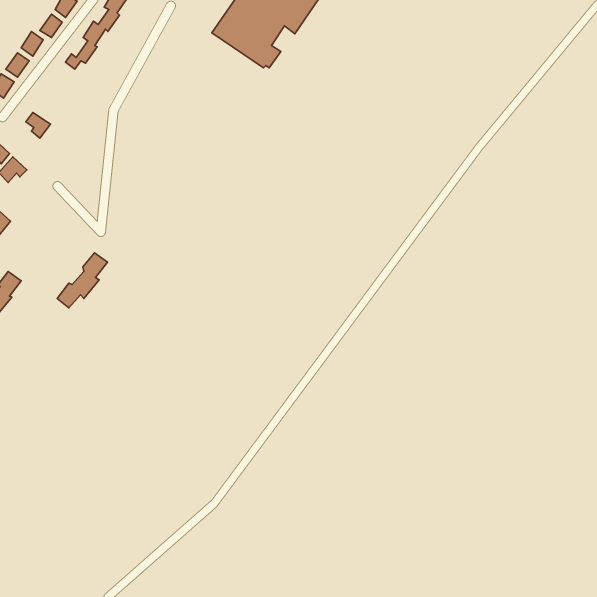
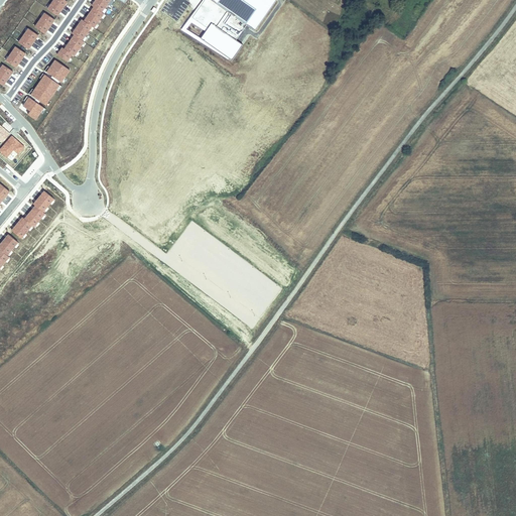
building: none -> [30,59,70,104]
building: [57,253,107,308] -> [11,189,54,237]

